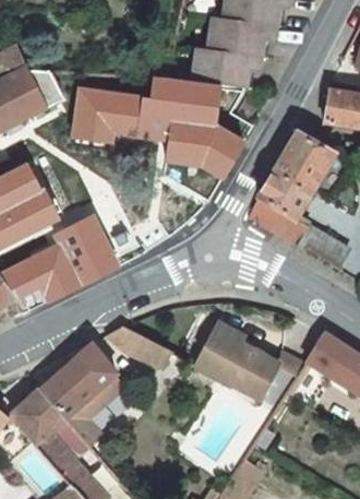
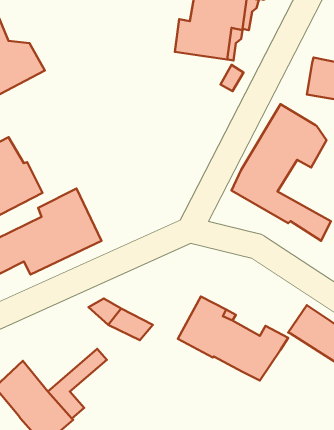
building: [71,76,243,178] -> none
building: [39,343,116,418] -> none

